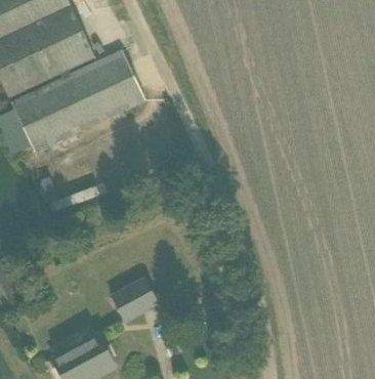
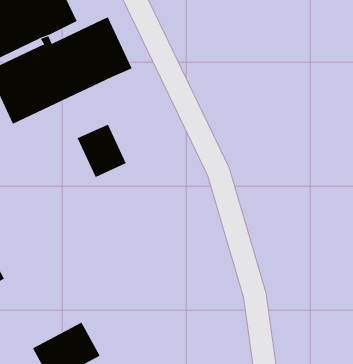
building: none -> [77,124,127,178]
building: [111,277,158,320] -> none

